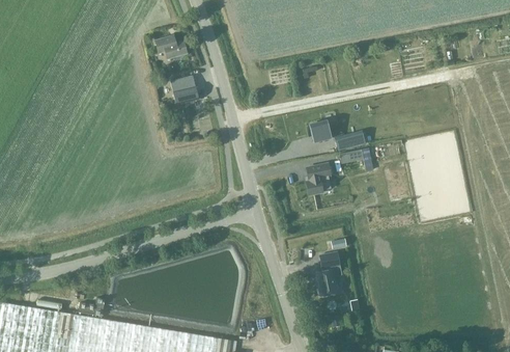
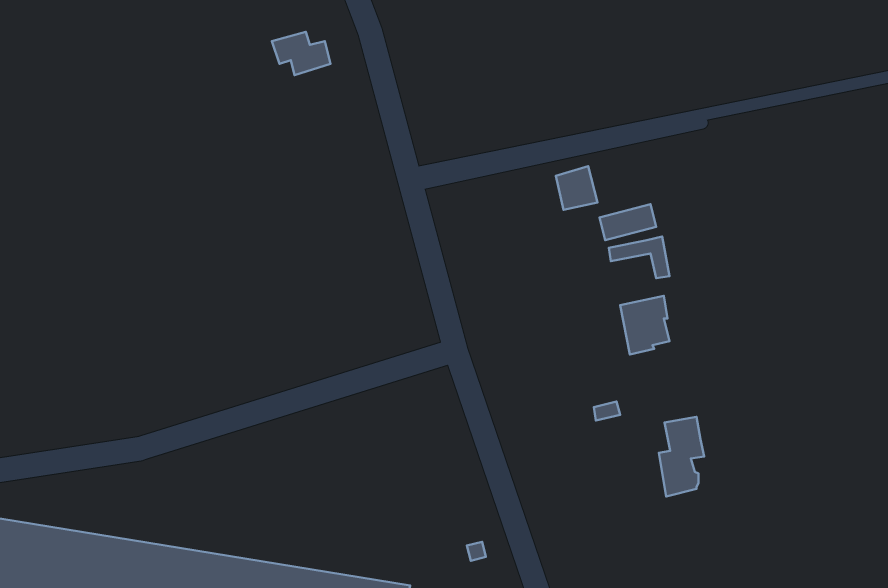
building: [171,77,199,105] -> none
building: [303,164,330,196] -> [620,296,669,355]
building: [316,252,341,296] -> [659,417,704,496]

